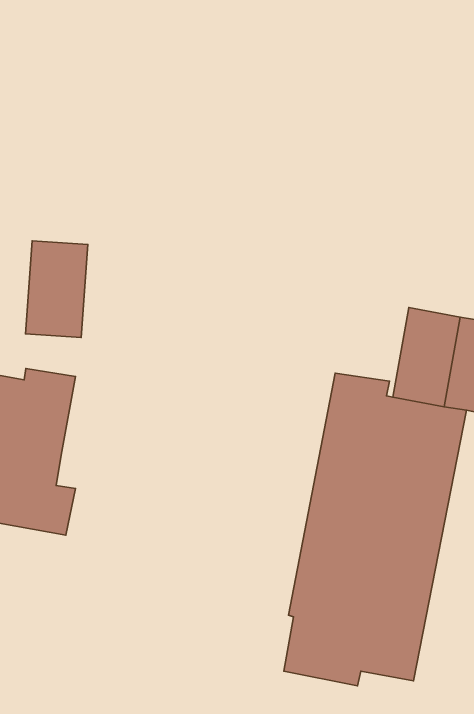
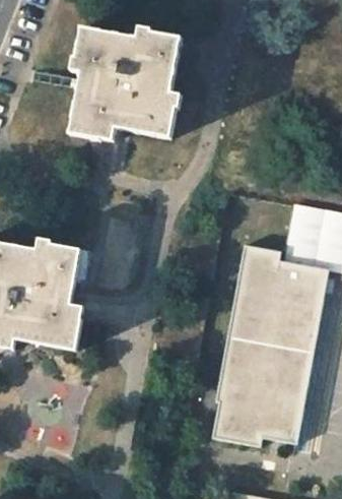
building: none -> [70,27,181,136]
building: [25,241,88,337] -> none

